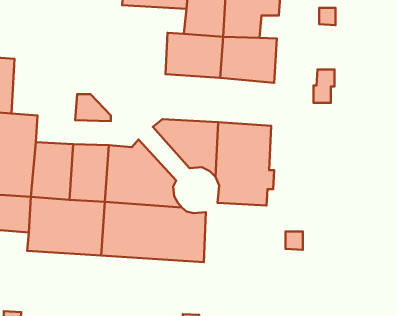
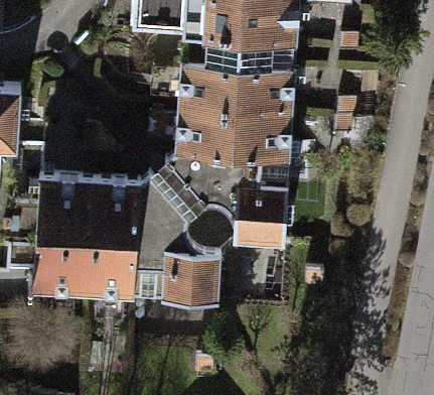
building: none -> [174,107,291,161]

